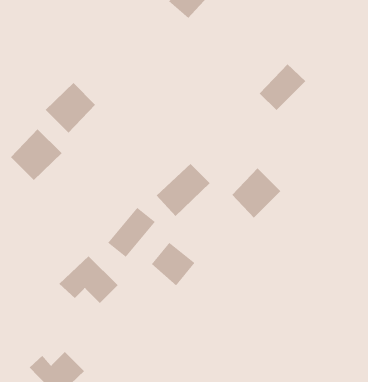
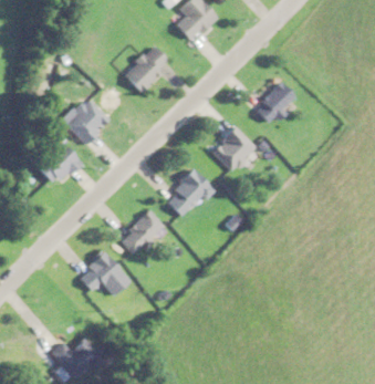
building: none -> [124,44,170,92]
building: [231,167,281,218] -> [212,125,257,170]
building: [151,242,196,286] -> none

